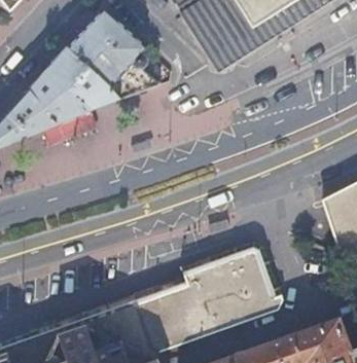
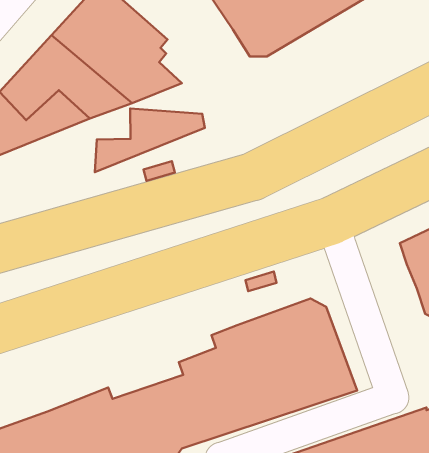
building: none -> [95,109,205,172]

